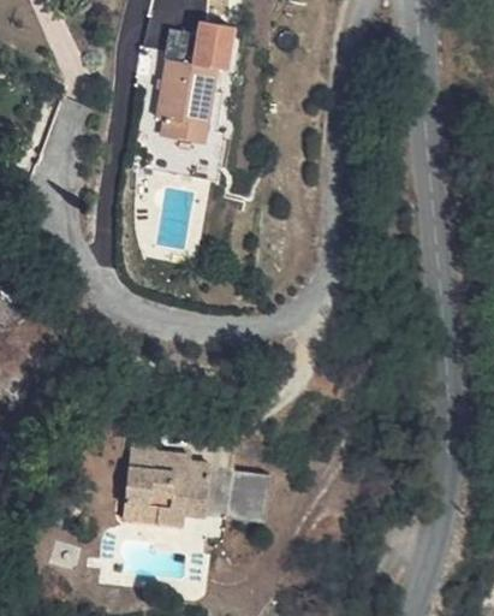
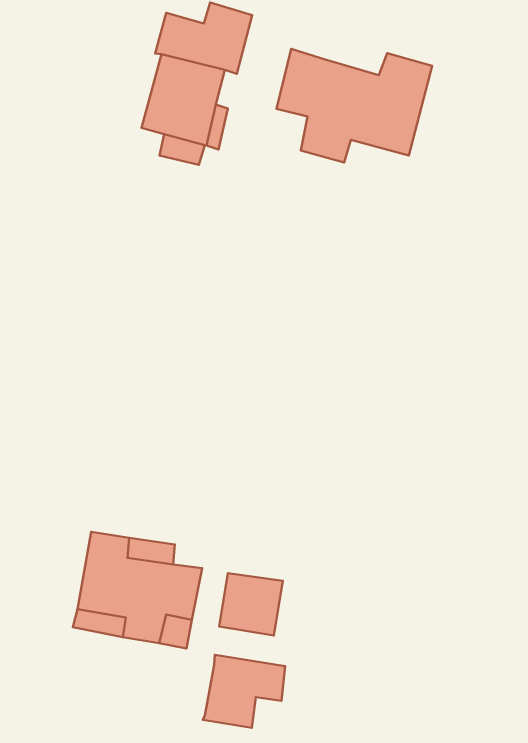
building: none -> [277,49,432,163]
building: none -> [203,655,285,728]

